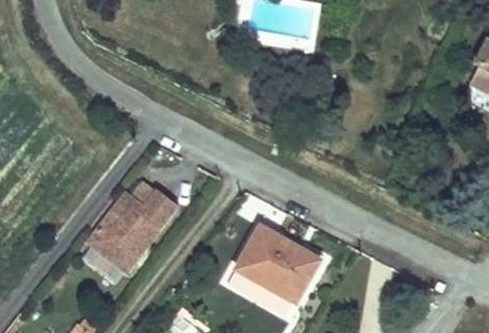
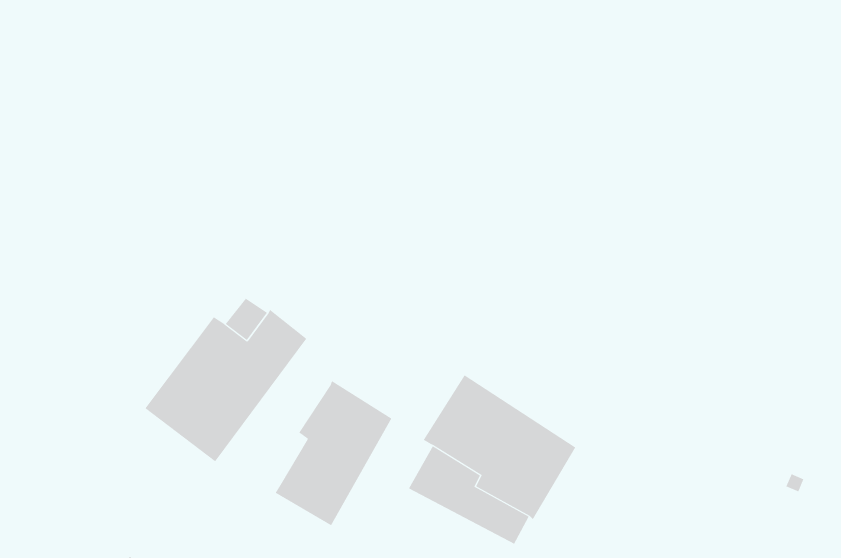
building: none -> [275,380,392,526]

